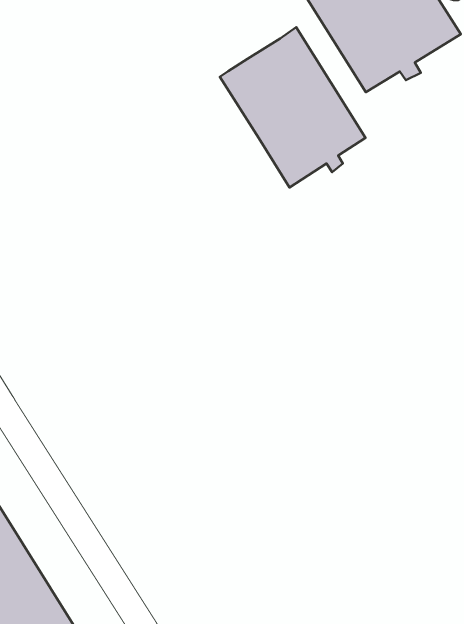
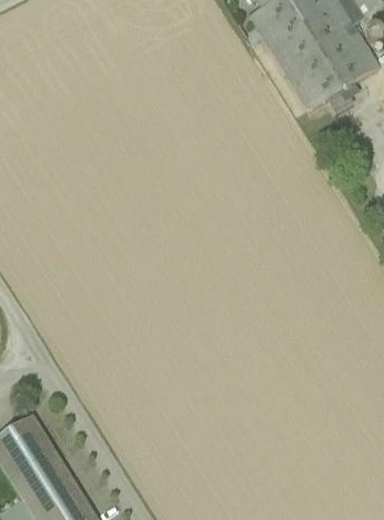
building: [220,27,366,187] -> none

